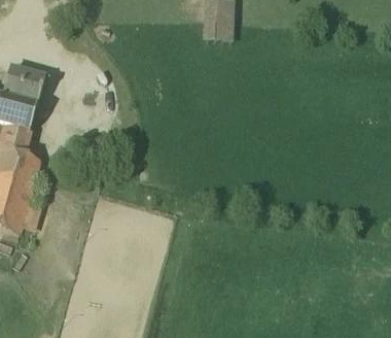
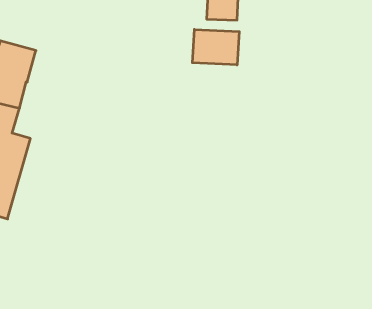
building: none -> [192,29,239,65]

